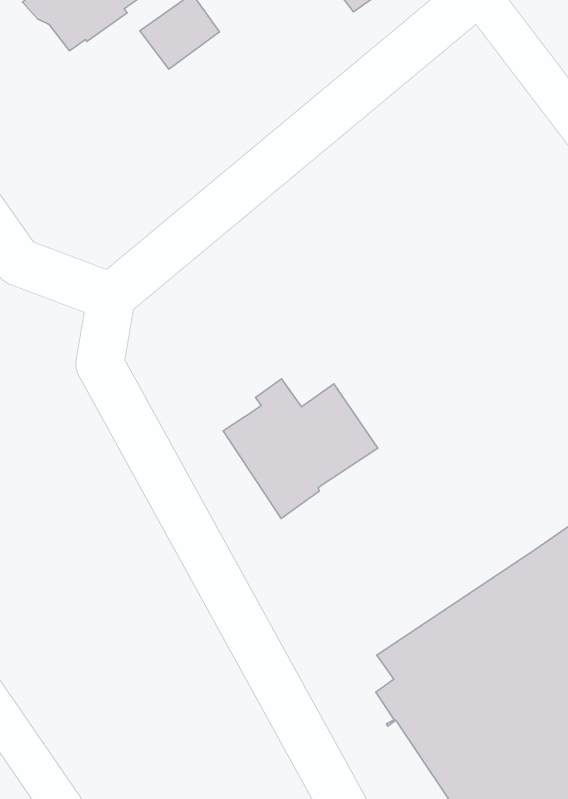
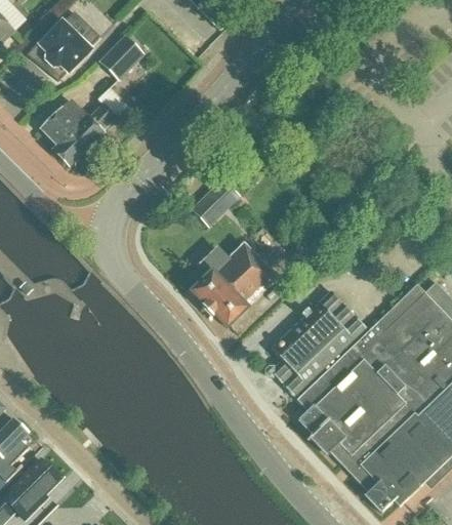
building: none -> [44,99,117,163]
building: none -> [191,179,239,227]
building: none -> [266,290,366,395]

